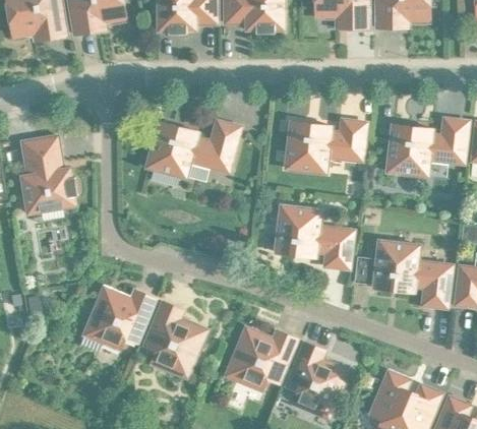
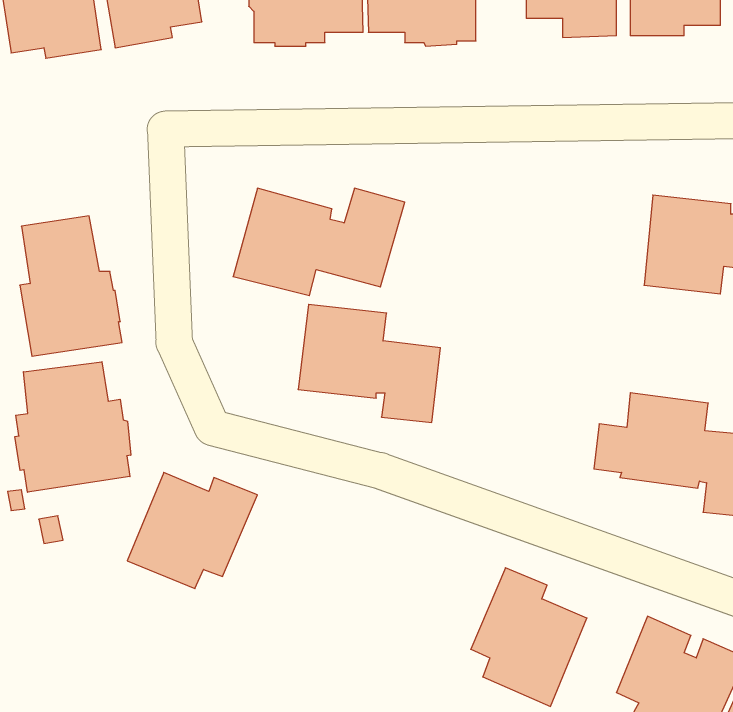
building: [283,116,369,176] -> none
building: [273,202,356,271] -> [298,304,440,422]
building: none -> [15,362,131,492]
building: [142,299,210,380] -> none
building: [223,325,299,392] -> none

